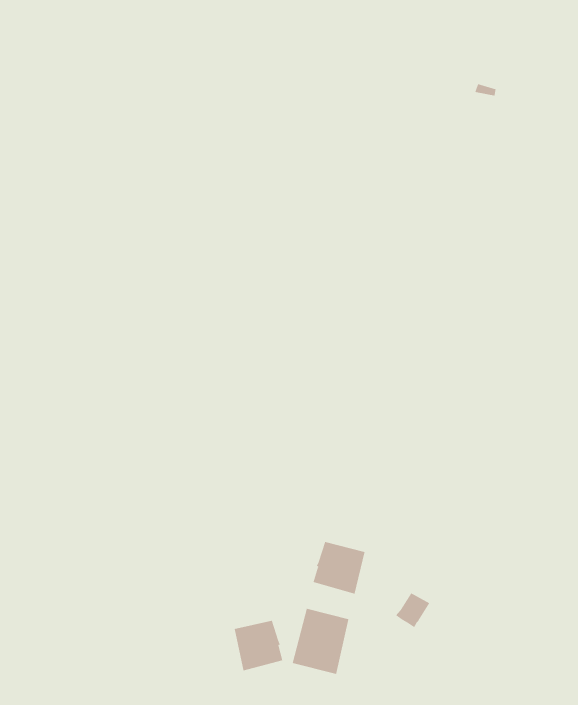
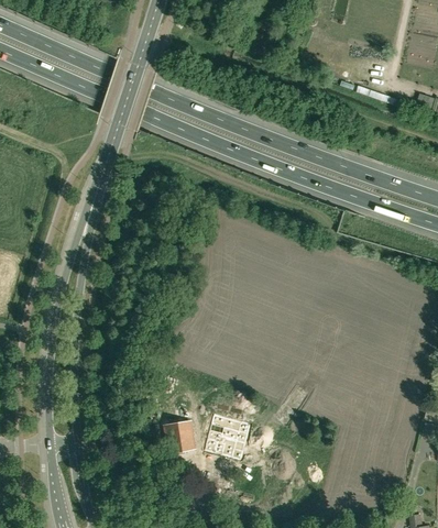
building: [313,541,365,594] -> none

